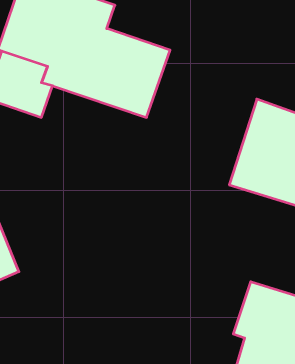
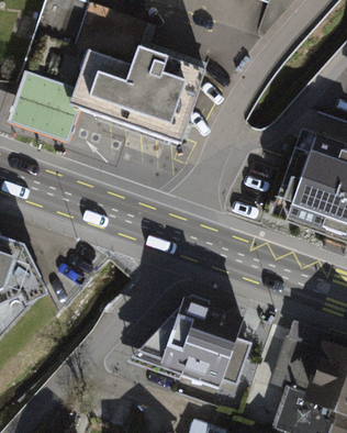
building: none -> [133,301,248,390]

